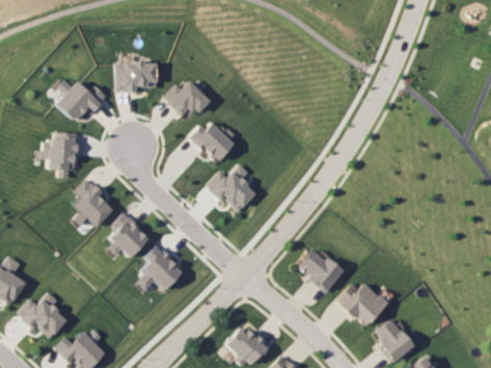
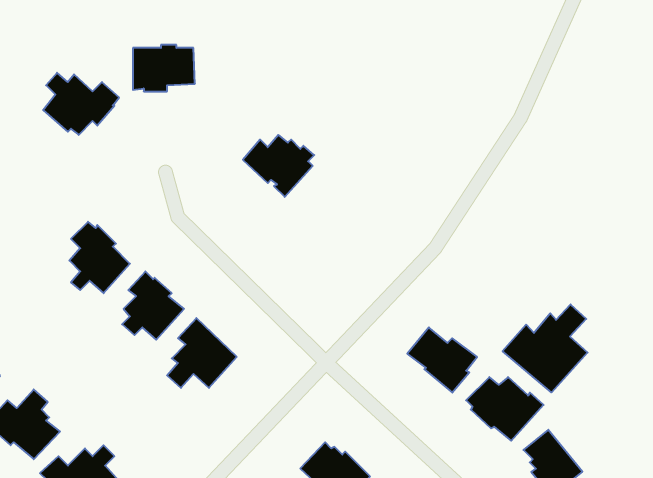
building: [163,80,211,115] -> none
building: [39,132,78,178] -> none
building: [208,163,257,211] -> none
building: none -> [503,304,588,392]

